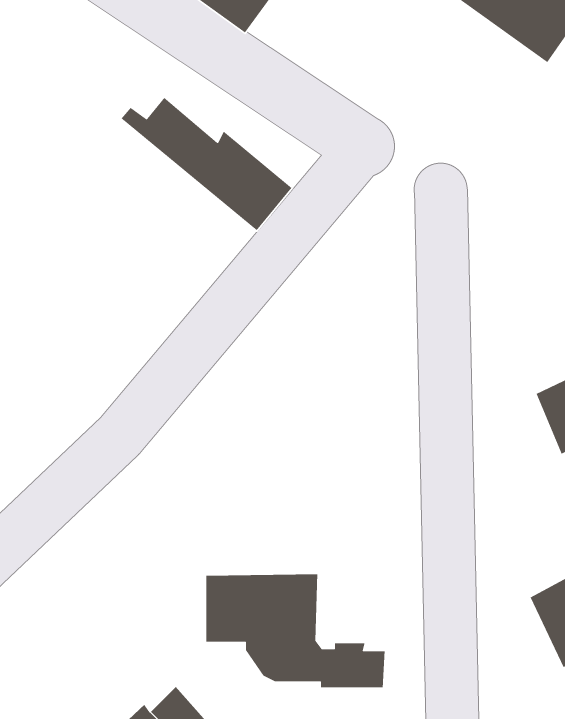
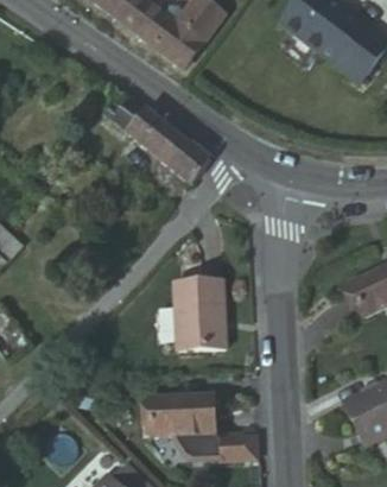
building: none -> [173,285,227,350]

